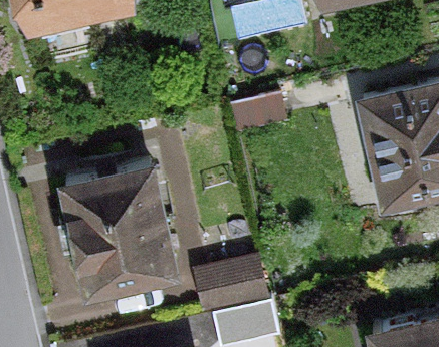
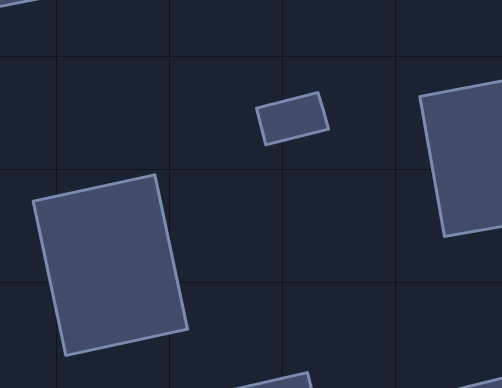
building: [192,259,269,318] -> none

